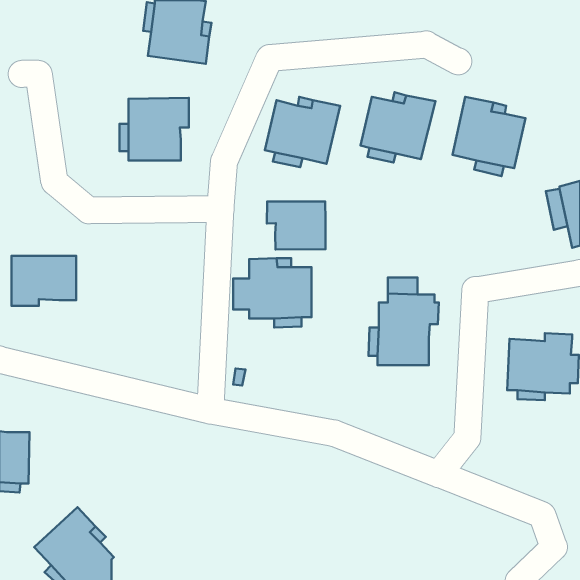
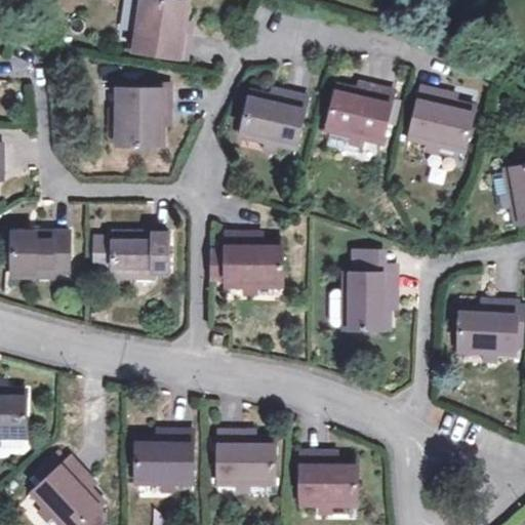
building: [267,202,326,250] -> none
building: none -> [113,233,168,278]
building: none -> [135,430,192,484]
building: none -> [218,432,275,485]
building: none -> [300,452,357,506]

